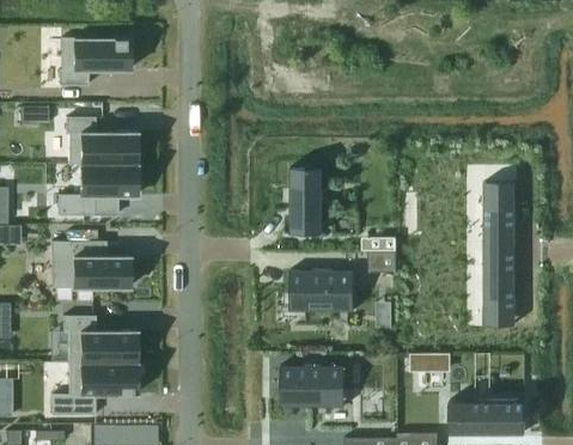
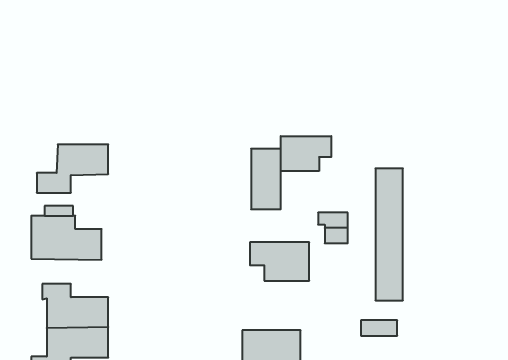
building: [59,38,128,86] -> none
building: [66,117,135,164] -> none
building: none -> [281,136,331,171]
building: [484,183,514,327] -> [375,168,403,300]

